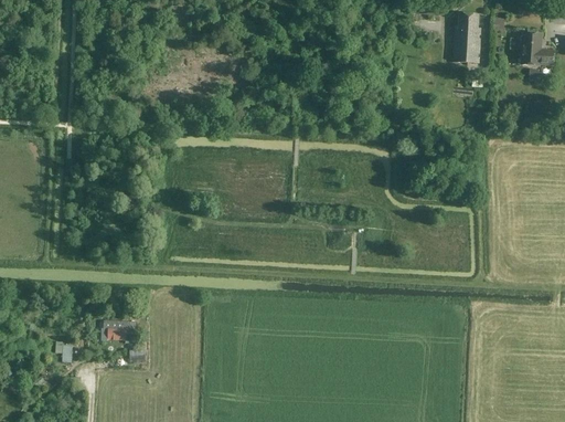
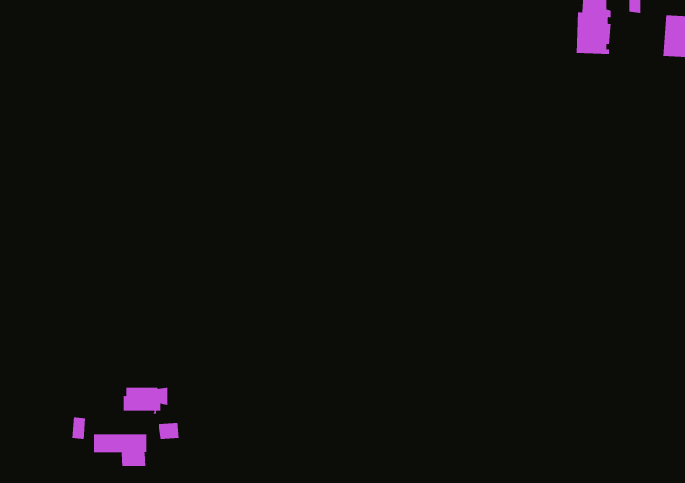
building: none -> [94,433,147,467]

